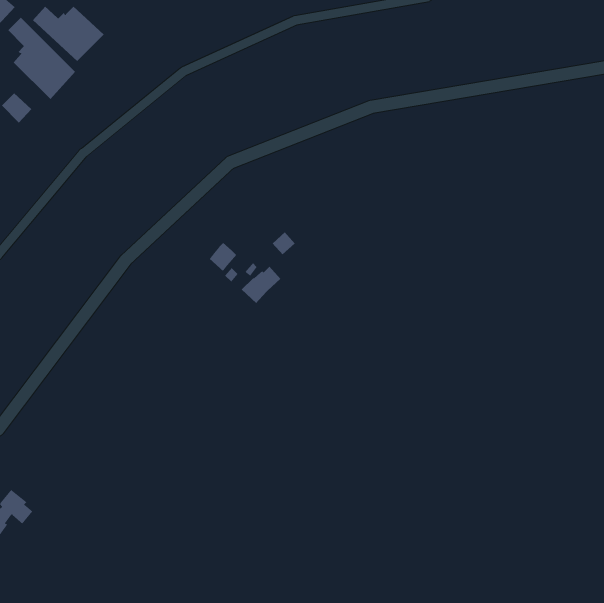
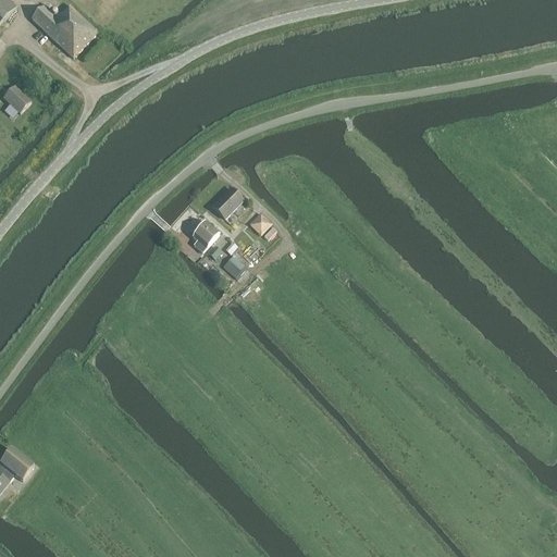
building: [7,17,76,100] -> none
building: none -> [210,188,243,220]

